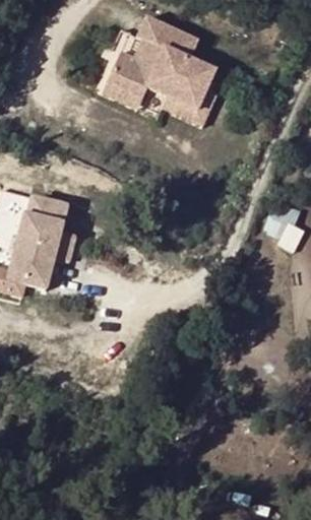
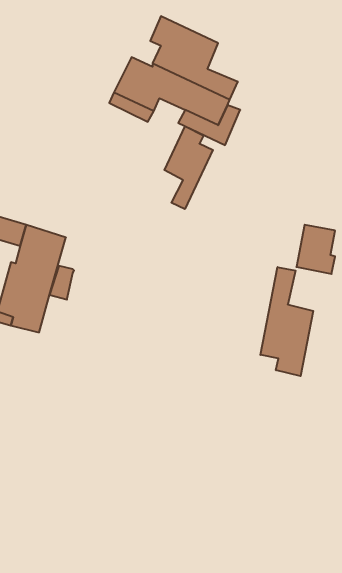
building: none -> [164,126,213,209]
building: none -> [260,267,313,376]

